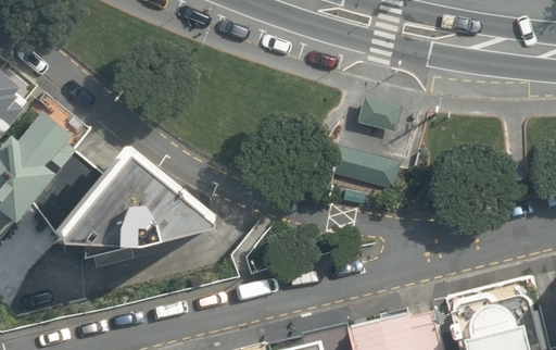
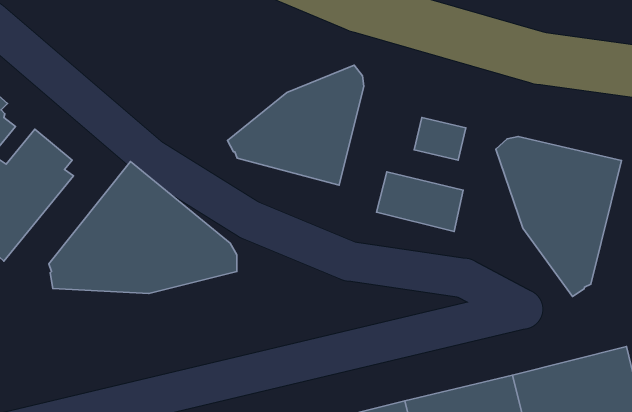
building: none -> [228,65,364,185]
building: none -> [496,136,621,296]

